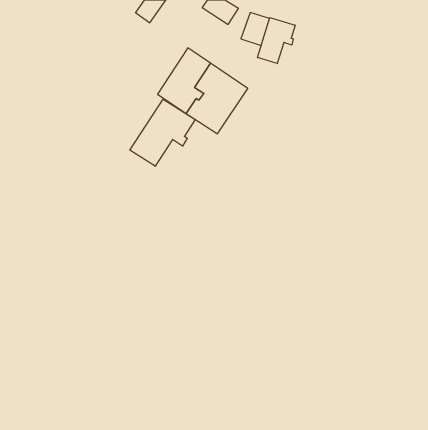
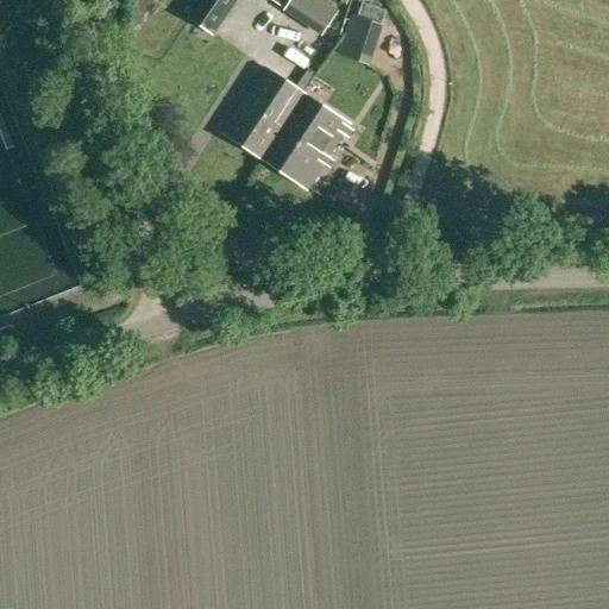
building: [257,18,295,64] -> none
building: [130,99,195,166] -> none

